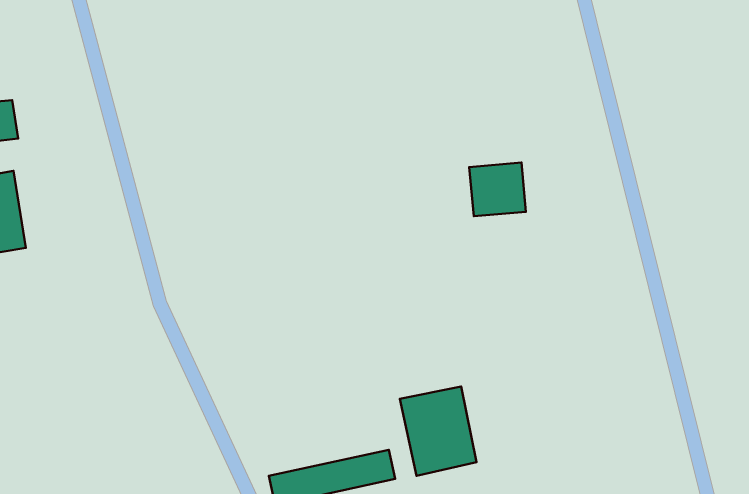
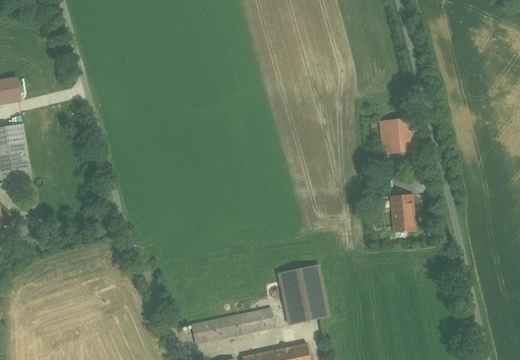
building: [469,162,526,216] -> [380,118,417,154]
building: none -> [390,195,414,231]

